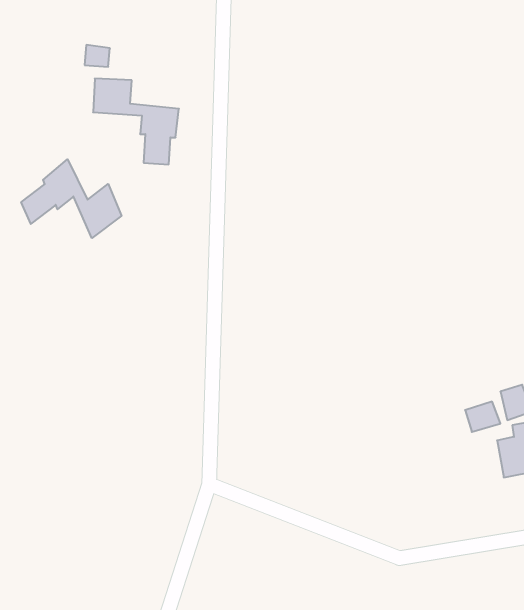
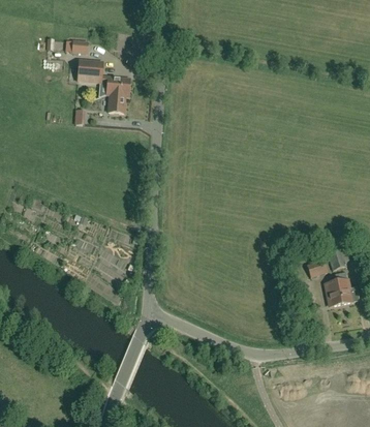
building: [21,159,121,238] -> none

